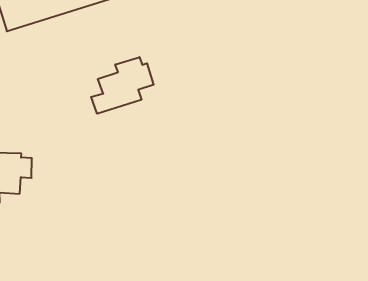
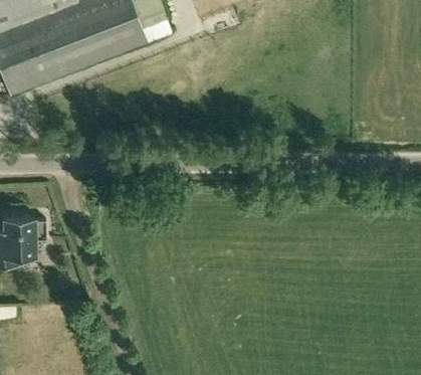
building: [91,57,154,114] -> none

